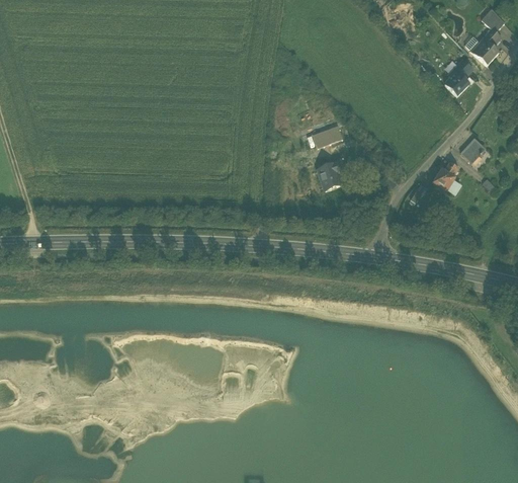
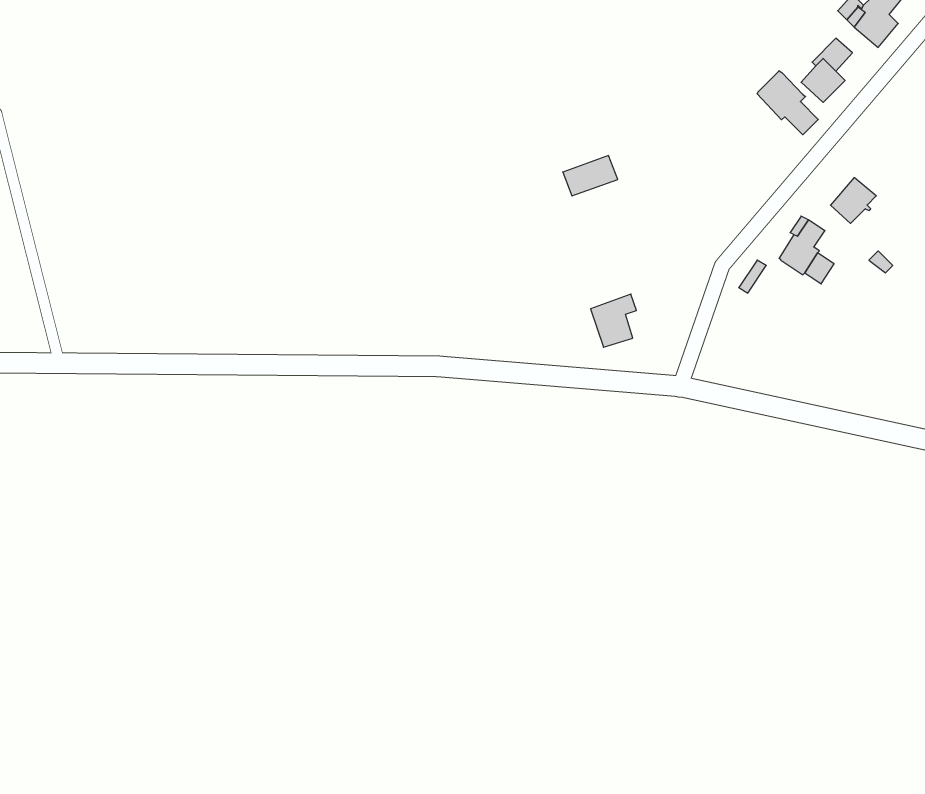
building: none -> [757,71,818,135]
building: [318,160,343,189] -> [591,294,636,347]

